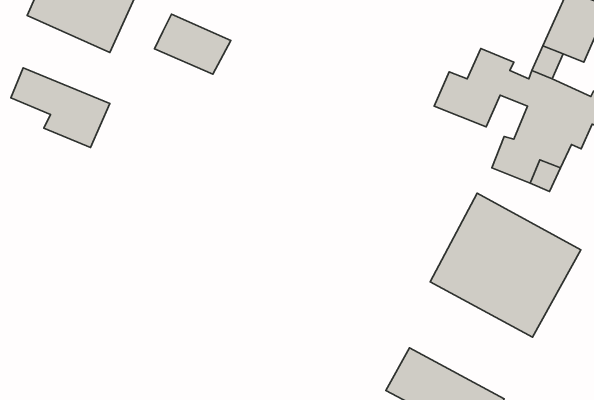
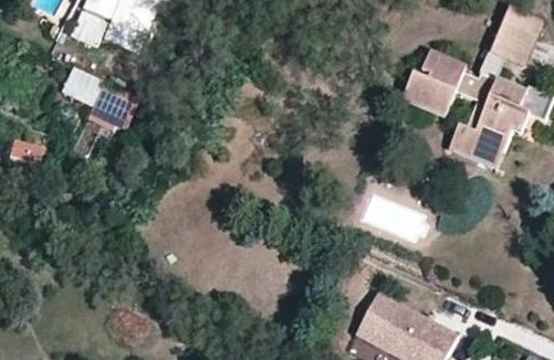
building: [154,14,231,74] -> none
building: [430,193,581,337] -> none

